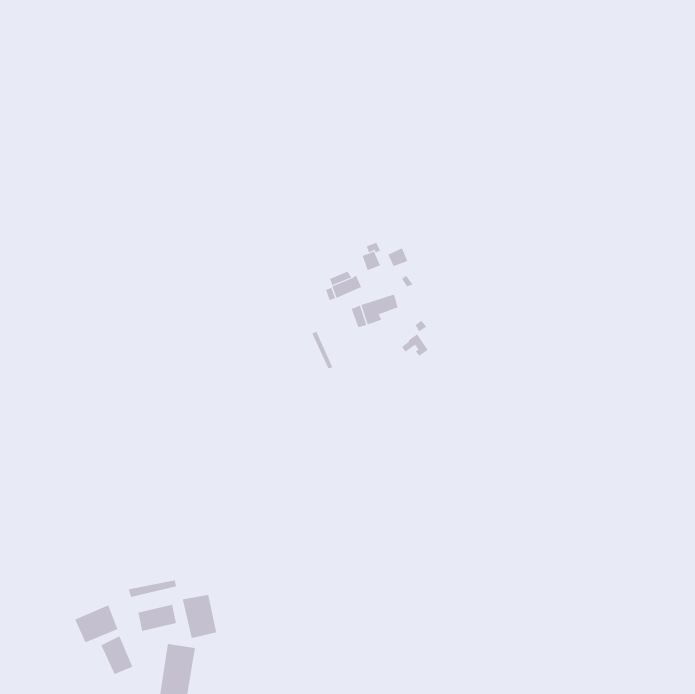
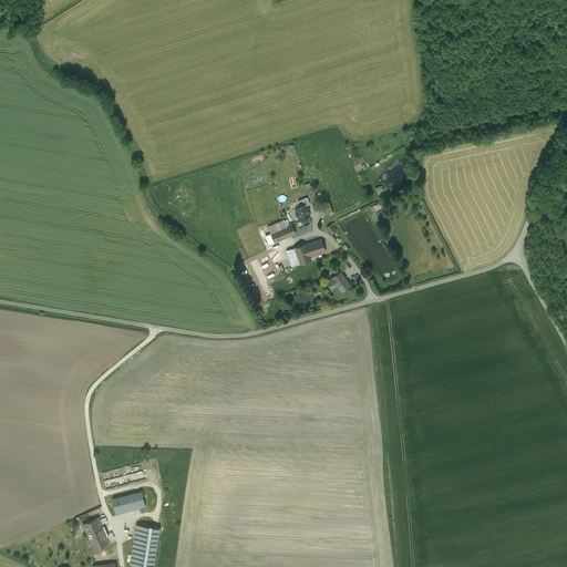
building: [182,594,217,639] -> none
building: [75,605,118,643] -> none

